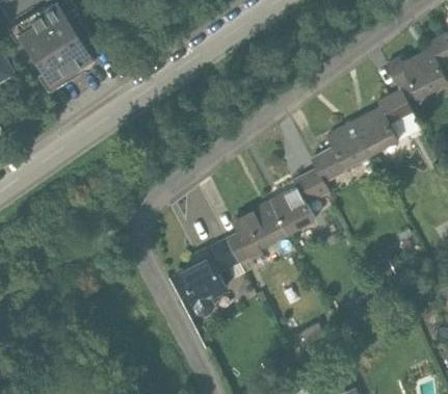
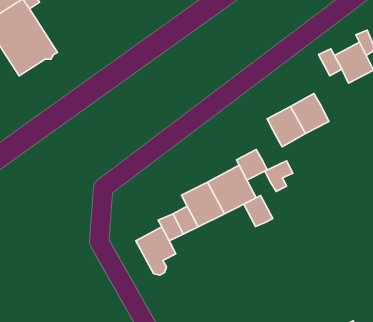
building: [377,91,410,123] -> none
building: [311,149,342,183] -> [265,161,293,192]
building: none -> [244,196,273,227]

